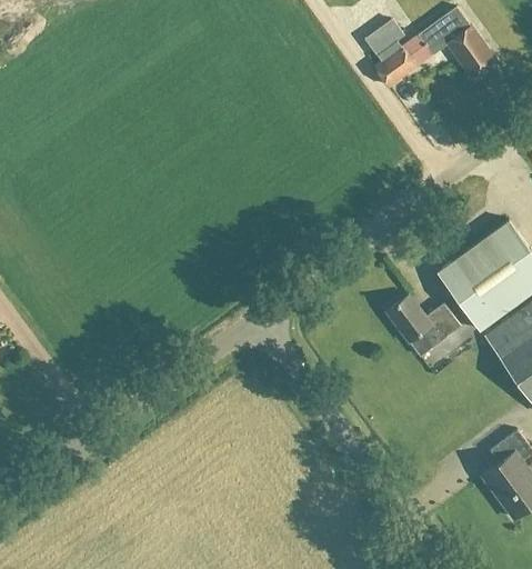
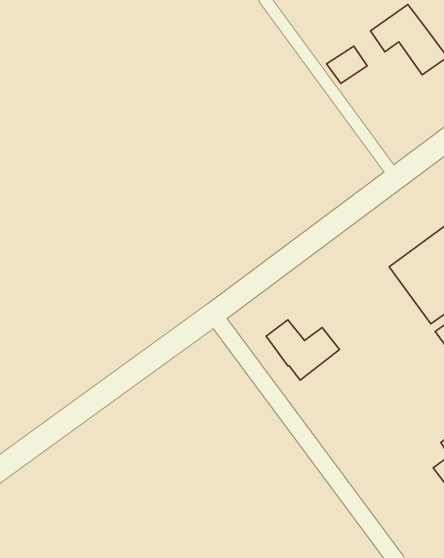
building: [367,20,404,54] -> none
building: [387,296,461,357] -> [266,320,340,380]

